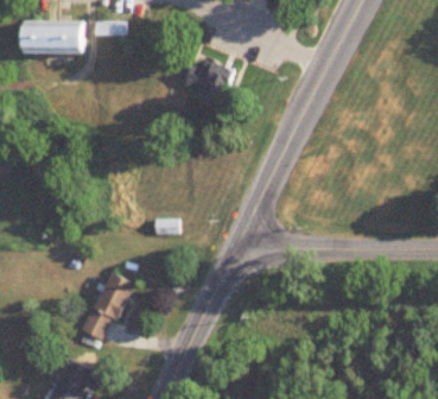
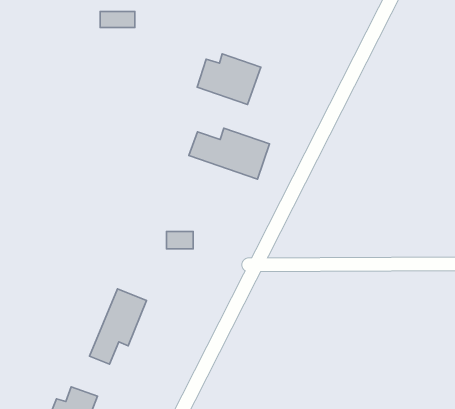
building: [26,24,88,56] -> none
building: none -> [189,128,270,179]

